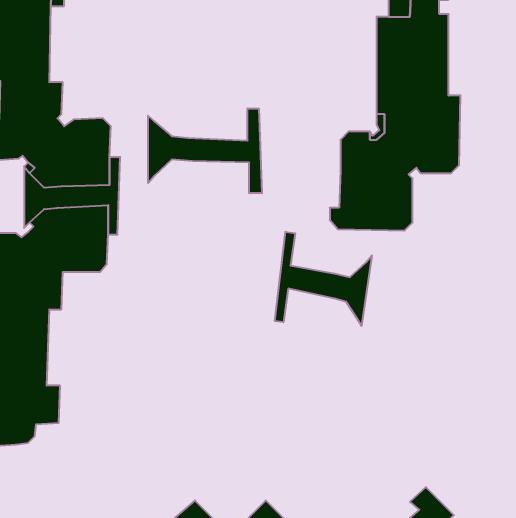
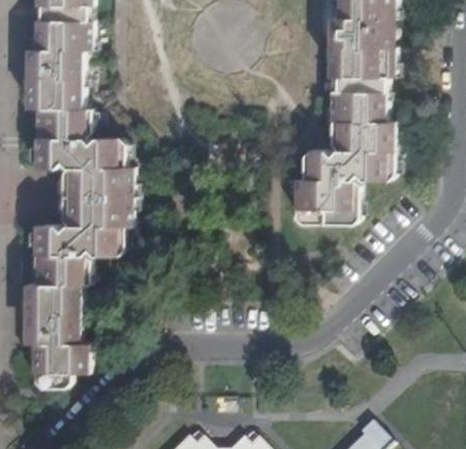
building: [148,108,262,193] -> none
building: [275,232,372,326] -> none

